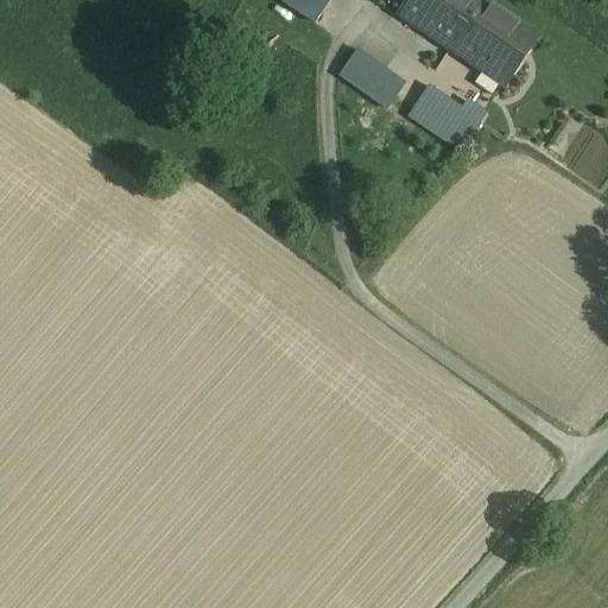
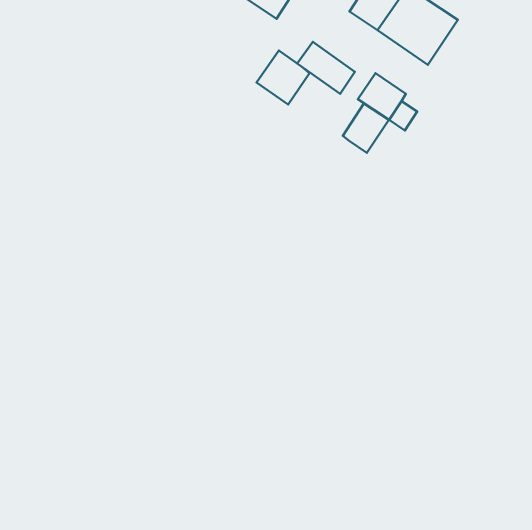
building: [487,23,538,84] -> none
building: none -> [256,51,310,104]
building: none -> [343,103,389,153]

